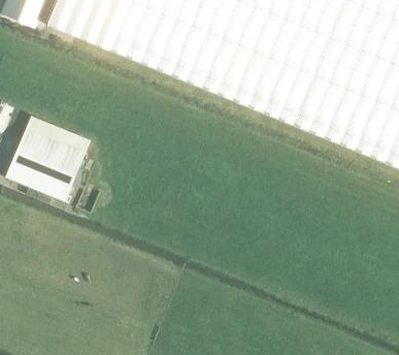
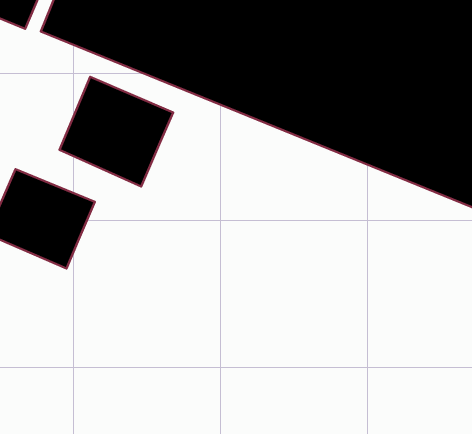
building: none -> [59,77,173,186]

